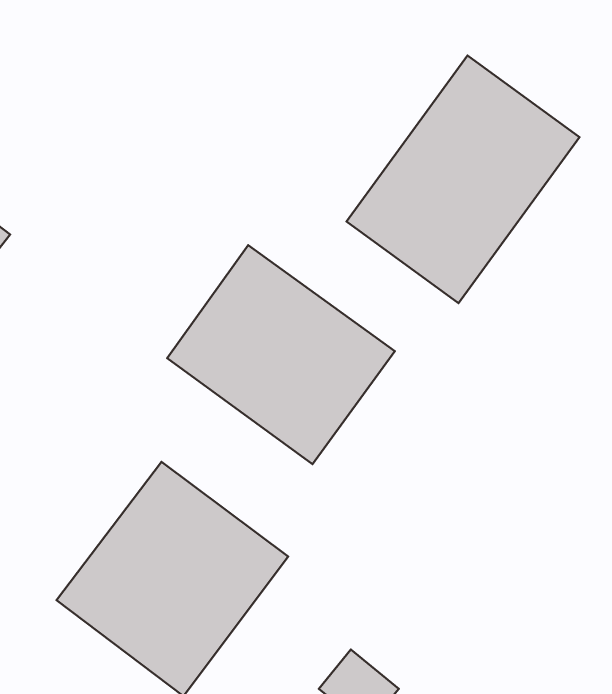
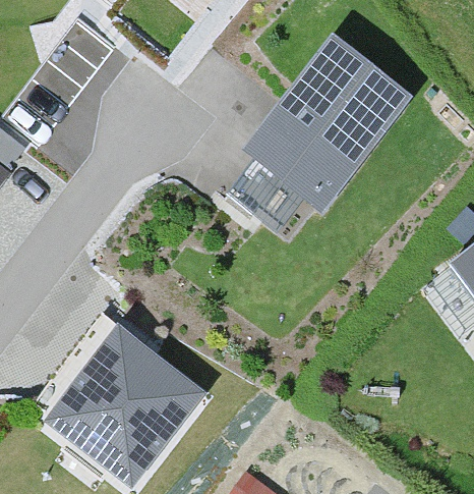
building: [167,245,395,464] -> none

